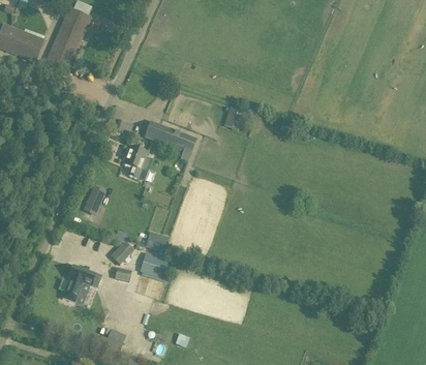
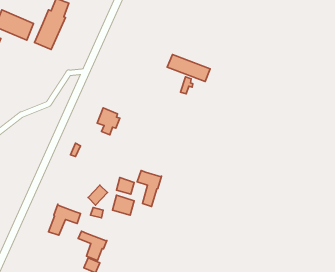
building: [143,121,195,154] -> [167,55,210,81]
building: none -> [137,171,162,207]
building: none -> [78,231,107,261]

